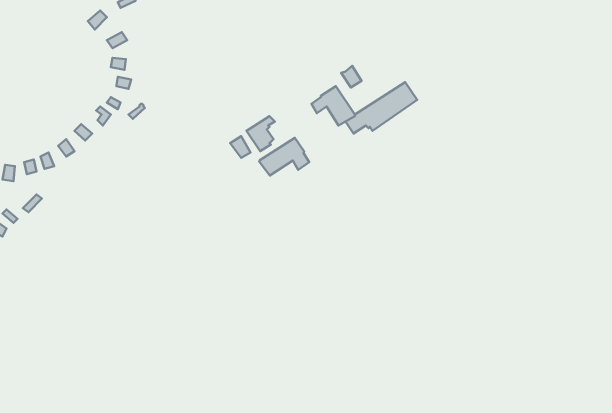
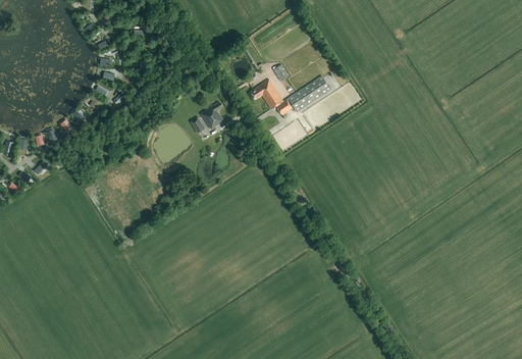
building: [259,138,309,176] -> none

